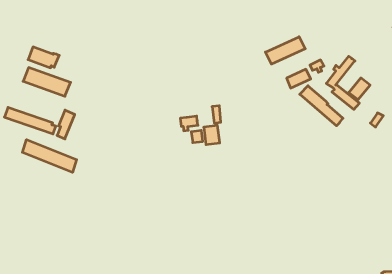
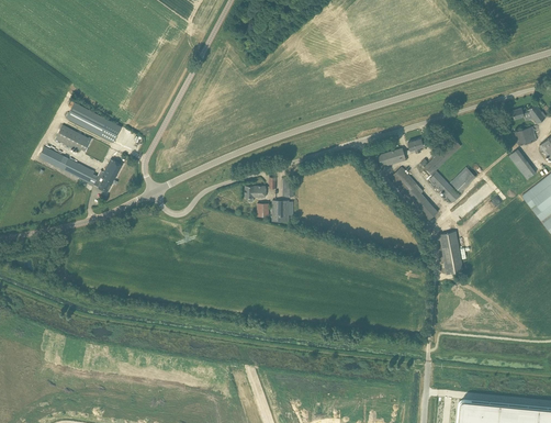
building: [265,37,305,64] -> none
building: [28,47,59,68] -> [56,125,93,153]
building: none -> [440,232,464,275]
building: [22,140,77,172] -> none

